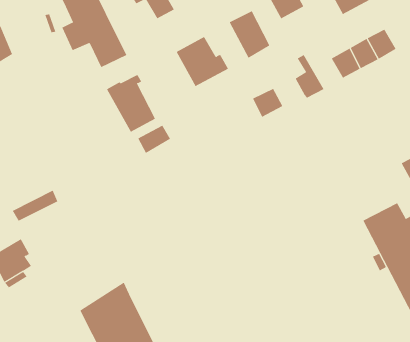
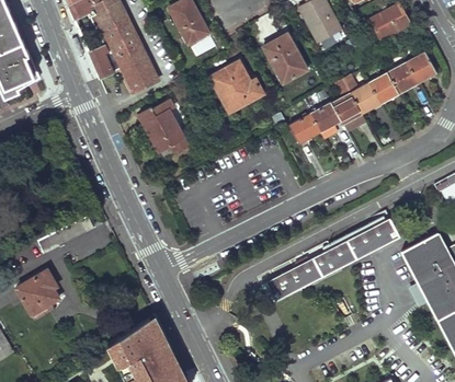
building: none -> [341,73,380,115]
building: none -> [309,102,341,132]
building: [137,125,171,154] -> none
building: none -> [266,219,399,301]

